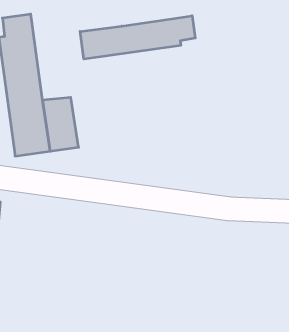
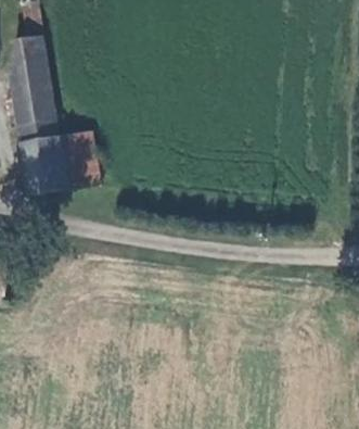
building: [80,16,195,59] -> none

